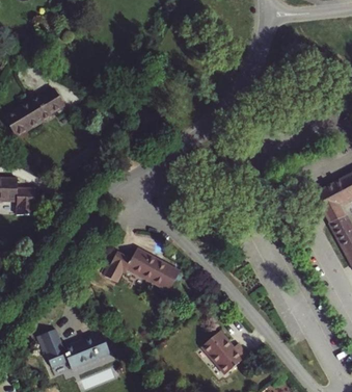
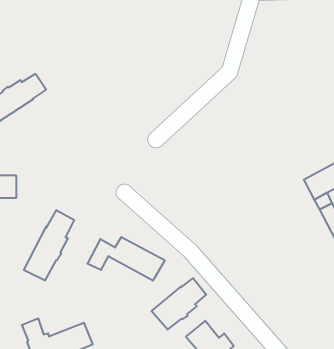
building: none -> [24,210,74,281]
building: none -> [152,278,206,330]

